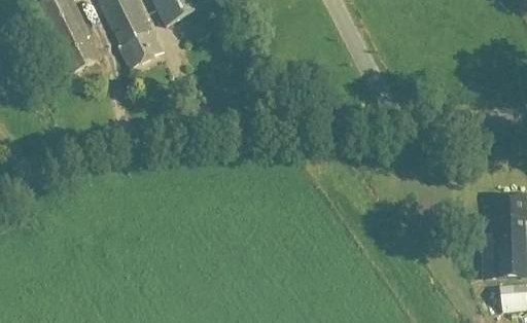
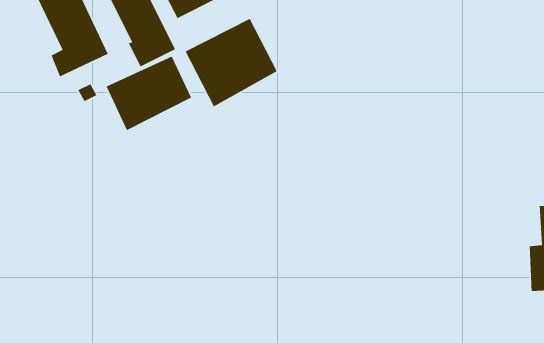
building: none -> [185,18,278,107]
building: none -> [105,55,192,131]

